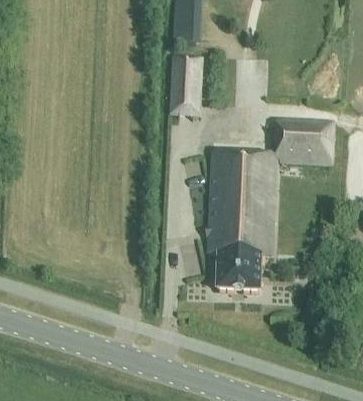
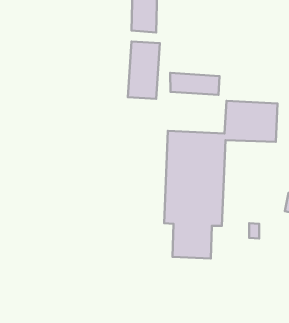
building: none -> [170,73,219,95]

